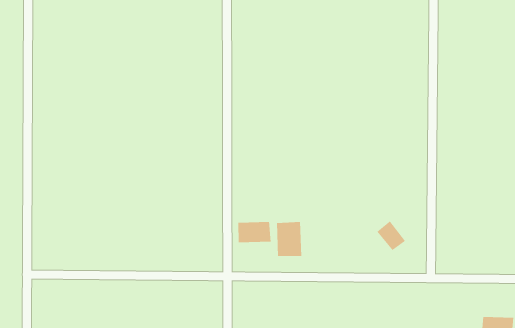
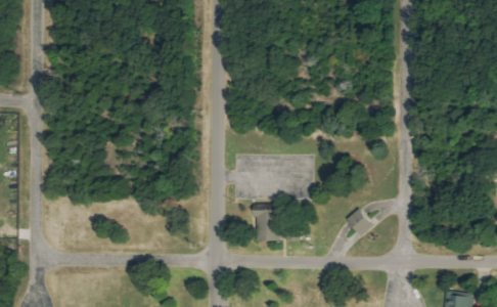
building: [238,221,271,243] -> none

